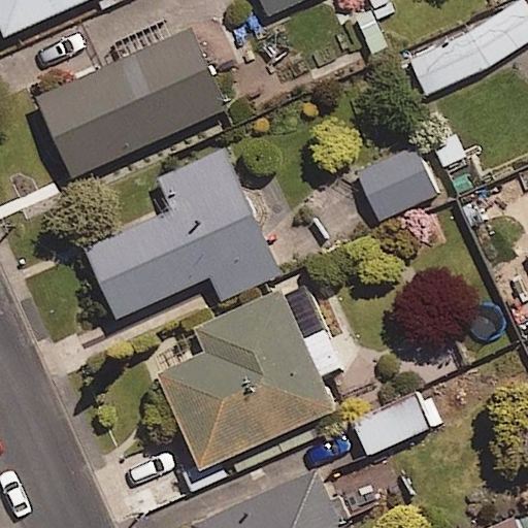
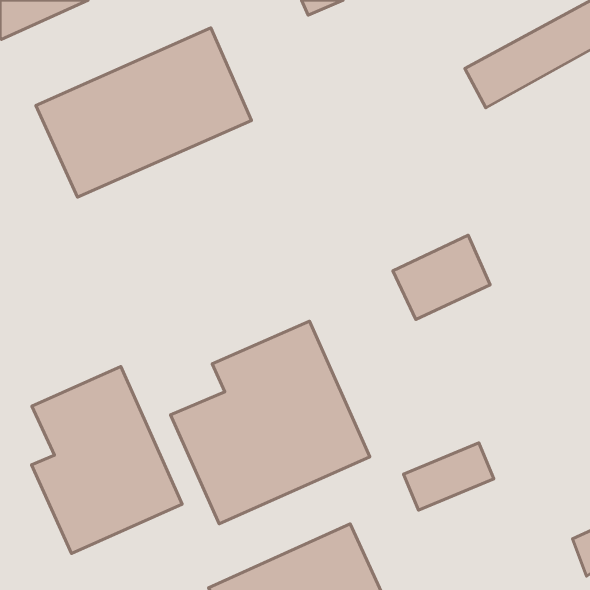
building: [82,146,283,318] -> none
building: [356,148,442,224] -> [393,235,490,320]
building: none -> [32,366,182,554]

